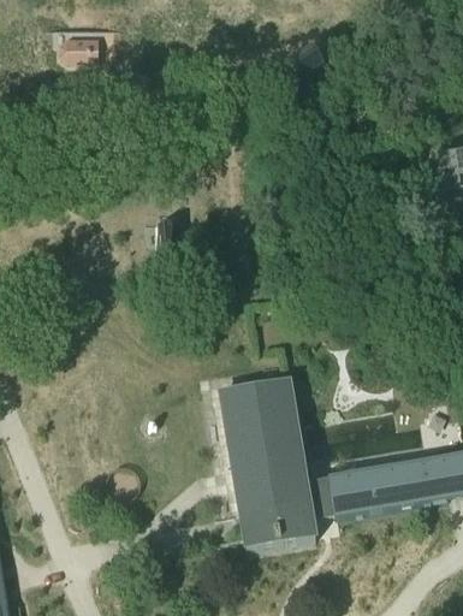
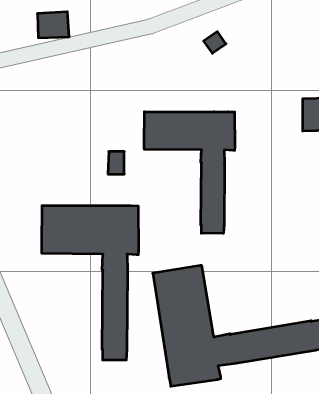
building: none -> [144,112,235,233]
building: none -> [42,206,138,360]

